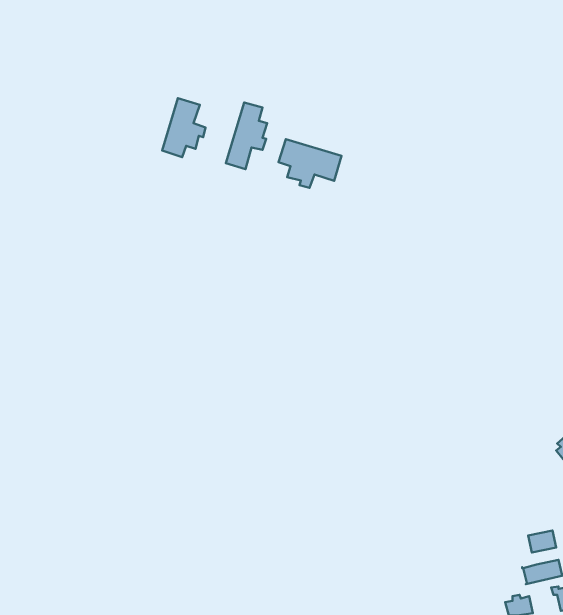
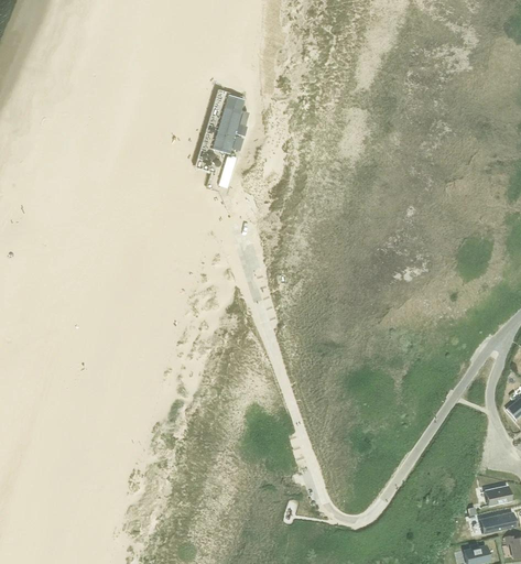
building: [162,98,205,157] -> none
building: [278,139,342,188] -> none

